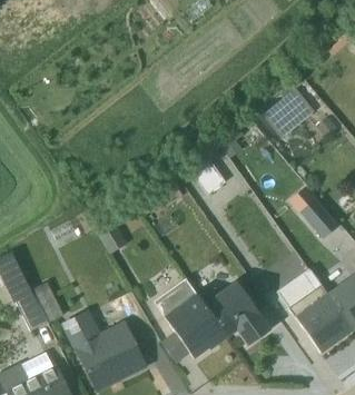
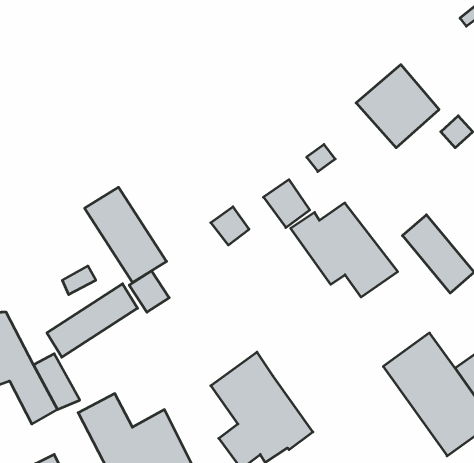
building: none -> [85,187,167,283]
building: none -> [47,284,138,357]
building: [199,279,274,345] -> [291,203,398,297]

